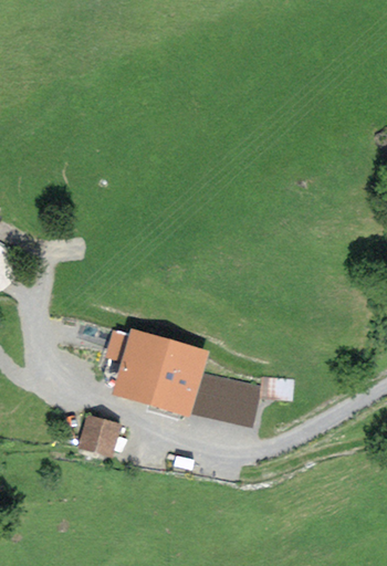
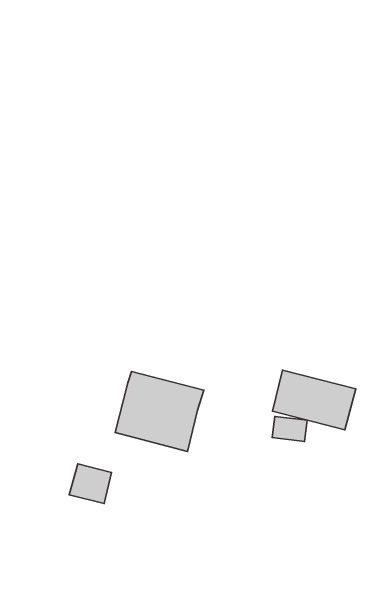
building: [185,370,259,423] -> [272,370,356,430]

